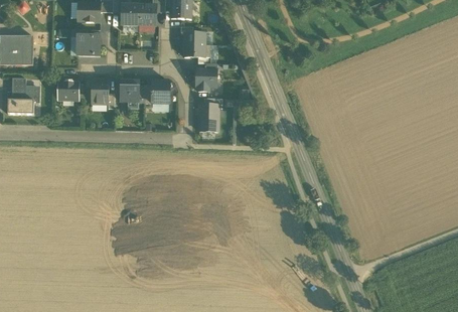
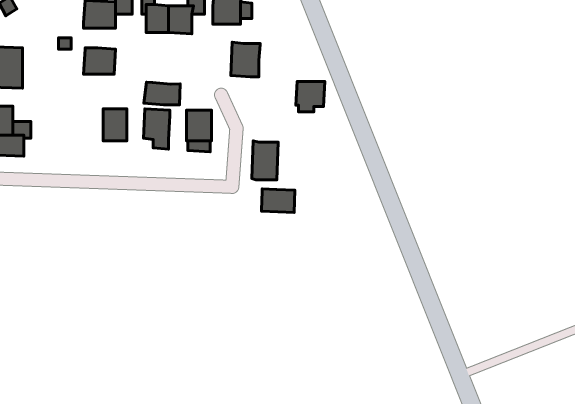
building: none -> [144,82,180,105]
building: [195,68,216,91] -> [296,81,325,112]
building: [57,81,79,99] -> none
building: none -> [261,189,295,212]

